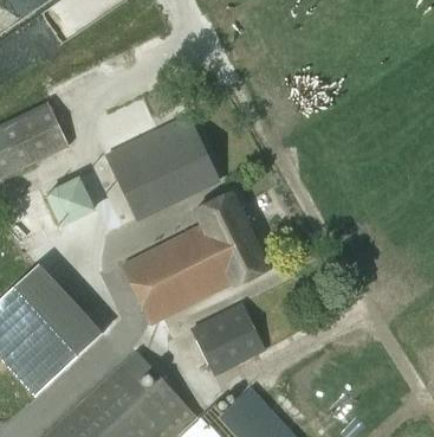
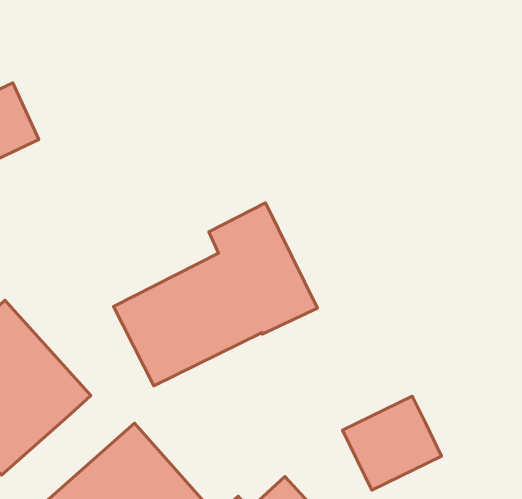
building: [105,117,218,218] -> none
building: [45,174,95,223] -> none
building: [190,306,263,374] -> [343,396,441,490]

